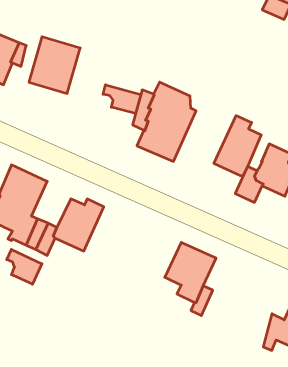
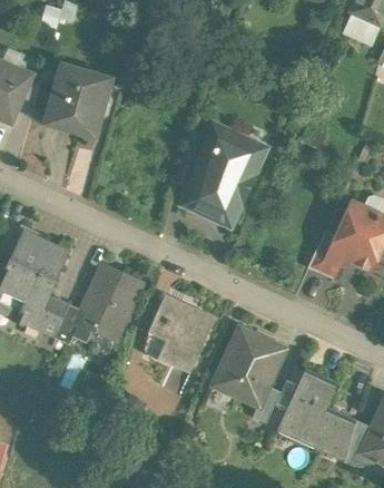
building: [103,85,141,113] -> none
building: [214,116,261,176] -> none
building: none -> [142,293,214,372]
building: [7,249,42,284] -> none
building: none -> [277,368,355,461]

